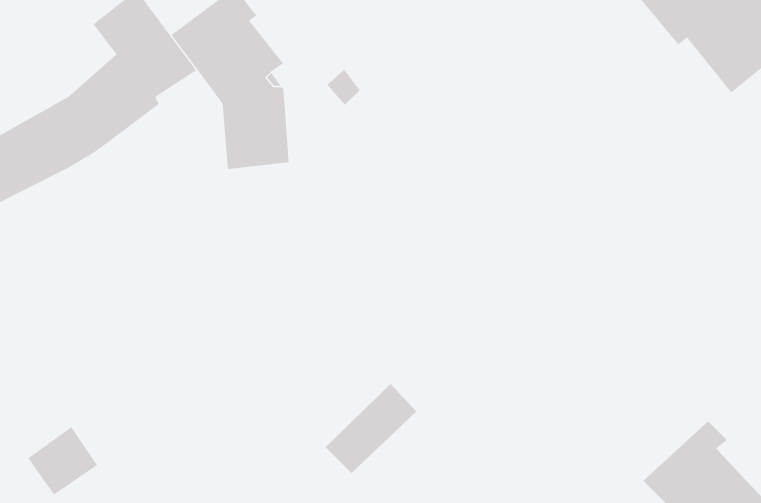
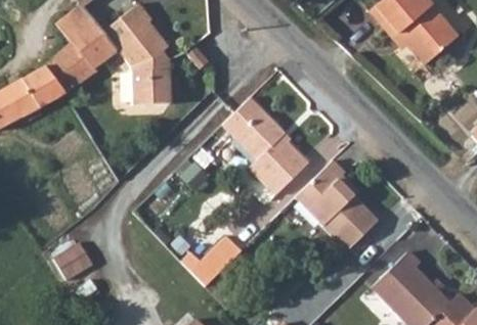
building: none -> [223,97,309,194]
building: none -> [295,161,378,250]
building: [27,426,98,495] -> [54,241,95,281]

